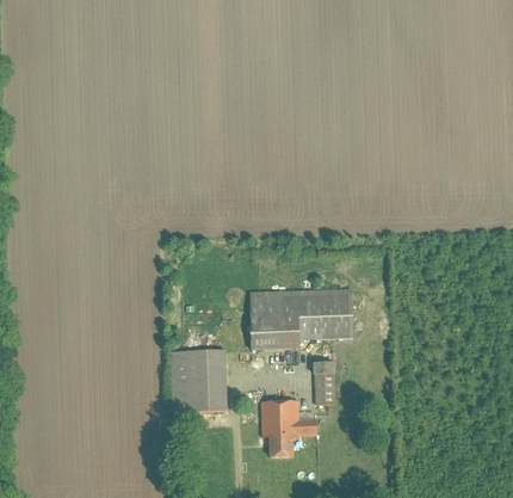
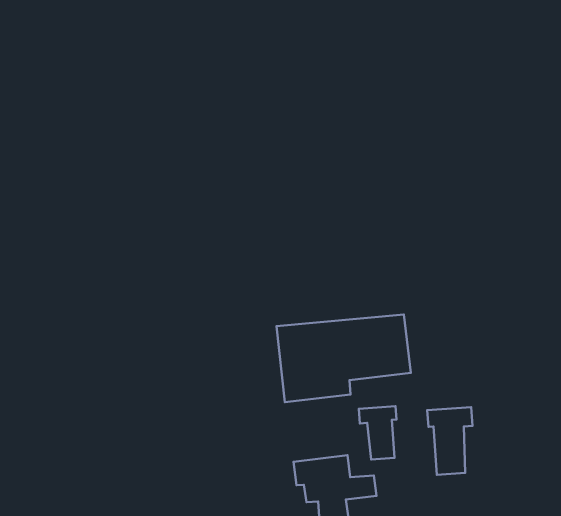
building: [169,348,228,412] -> none
building: none -> [427,407,472,475]

